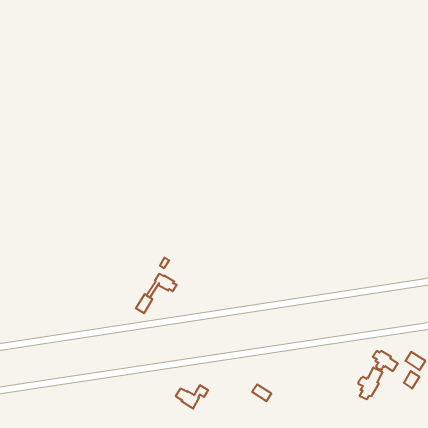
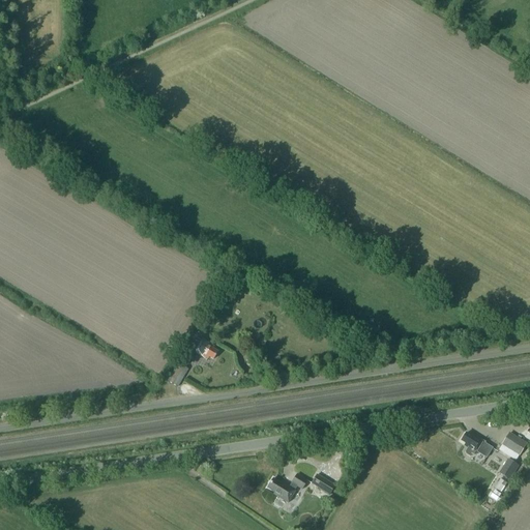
building: [359,367,382,399] -> none
building: [176,385,208,409] -> [267,475,307,504]

